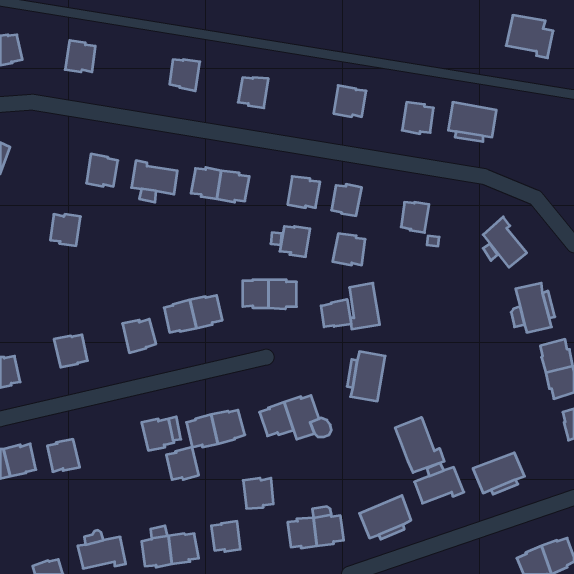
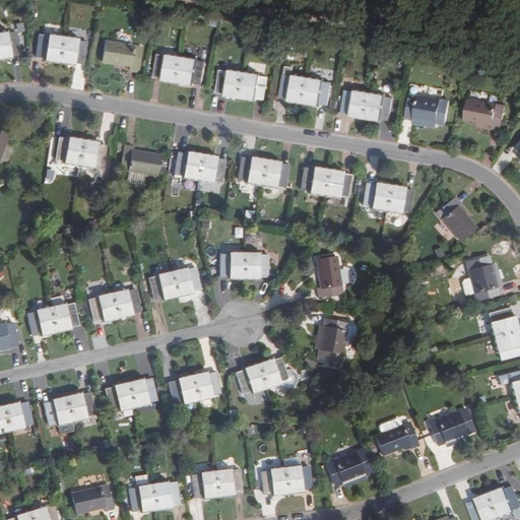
building: [506,15,553,58] -> [463,91,506,130]
building: none -> [35,35,63,63]
building: none -> [101,42,142,71]
building: none -> [177,56,205,84]
building: none -> [239,71,267,100]
building: none -> [279,75,306,103]
building: none -> [341,89,368,118]
building: none -> [384,185,413,213]
building: [50,214,81,246] -> [55,137,82,166]
building: [280,226,310,257] -> [237,157,264,185]
building: [333,234,365,265] -> [322,170,351,198]
building: [321,299,351,327] -> none
building: none -> [88,292,117,322]
building: none -> [26,307,55,336]
building: [395,417,444,473] -> none
building: none -> [66,392,95,422]
building: [166,447,199,480] -> [105,382,134,411]
building: [243,478,273,508] -> [214,469,242,497]

